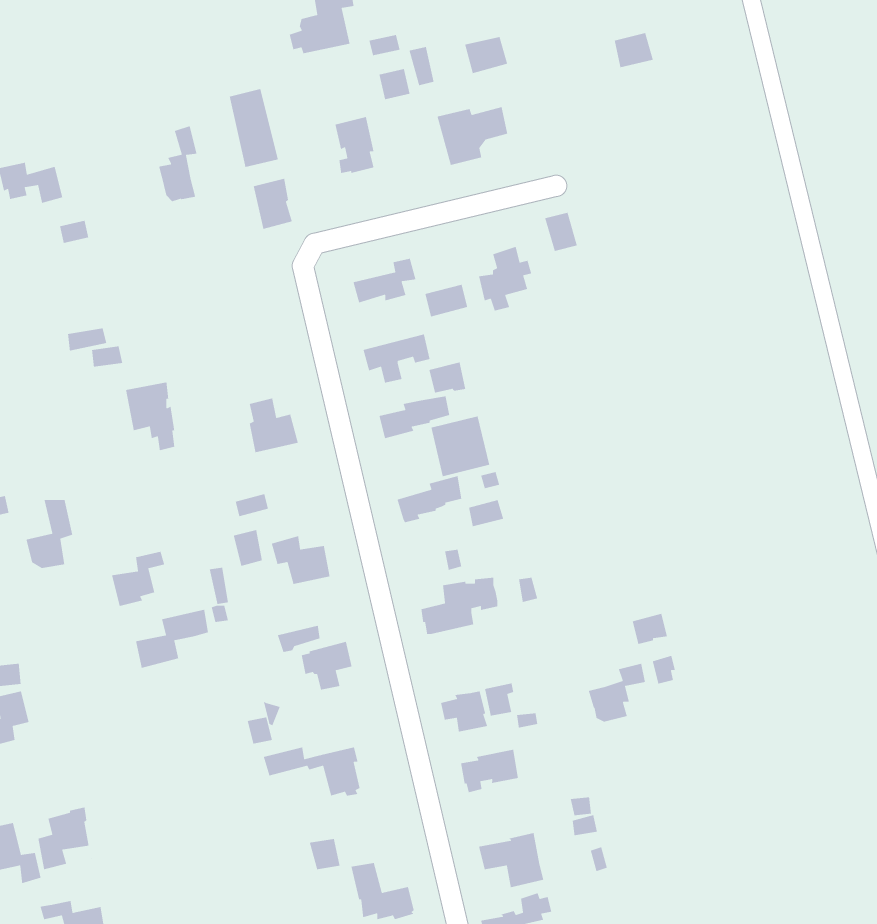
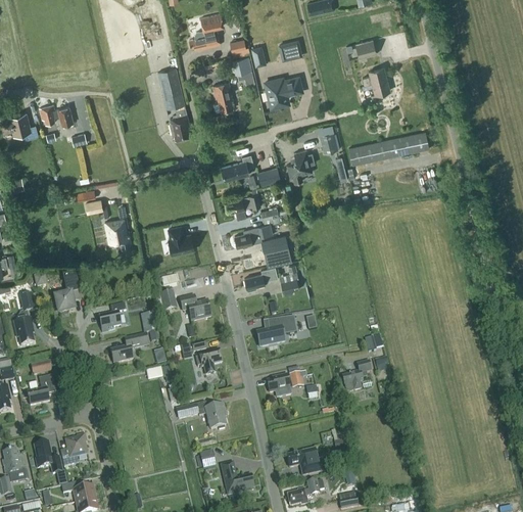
building: none -> [362,65,389,94]
building: [158,125,197,202] -> none
building: none -> [349,131,429,164]
building: [460,749,519,793] -> none

